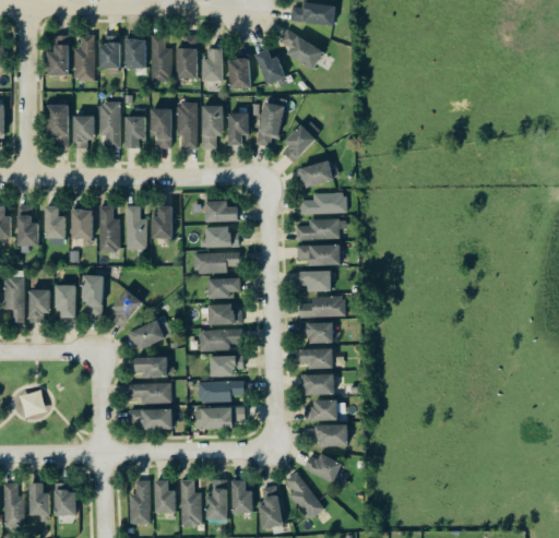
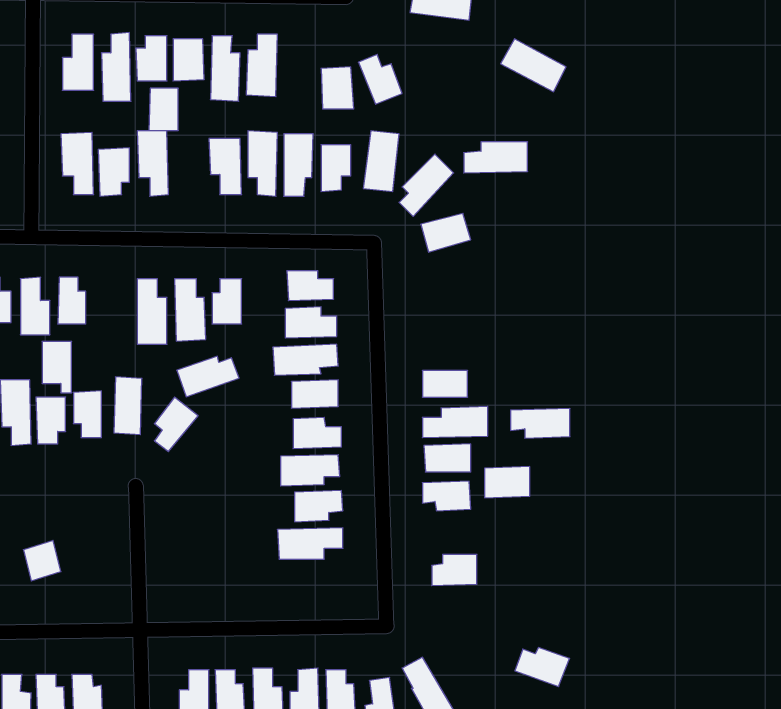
building: [276,29,322,67] -> [501,39,566,92]
building: [201,48,223,80] -> none
building: [124,116,145,145] -> [149,88,178,130]
building: [301,193,346,215] -> [464,142,528,173]
building: [71,210,92,246] -> [42,341,72,393]
building: [297,219,346,240] -> none
building: [298,244,340,265] -> [511,409,570,438]
building: [129,321,173,349] -> [177,356,239,397]
building: [134,357,174,376] -> none
building: [302,373,334,395] -> [485,467,530,498]
building: [129,383,171,404] -> none
building: [195,406,245,429] -> none
building: [129,408,171,429] -> none
building: [317,425,347,446] -> none
building: [304,454,342,481] -> [515,648,570,687]

